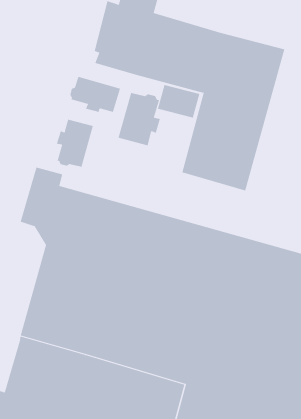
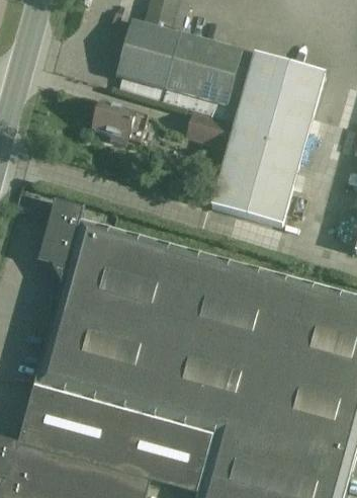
building: [118,92,161,146] -> none
building: [56,119,94,168] -> none

